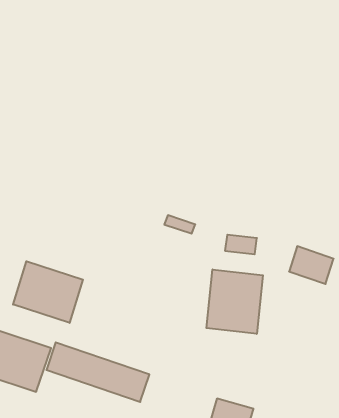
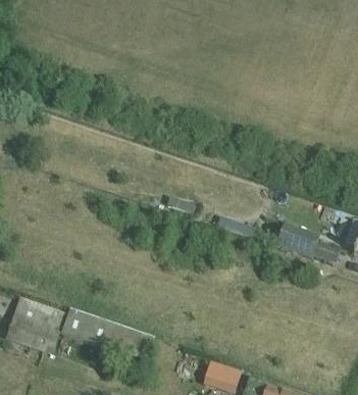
building: [13,261,83,323] -> none
building: [206,269,263,334] -> none

